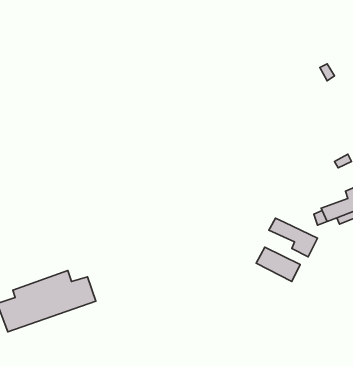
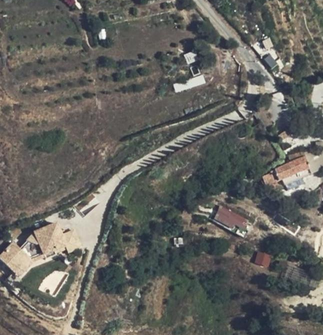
building: [269,218,318,257] -> none

